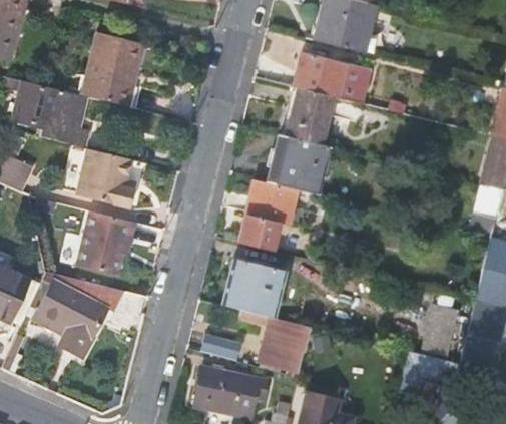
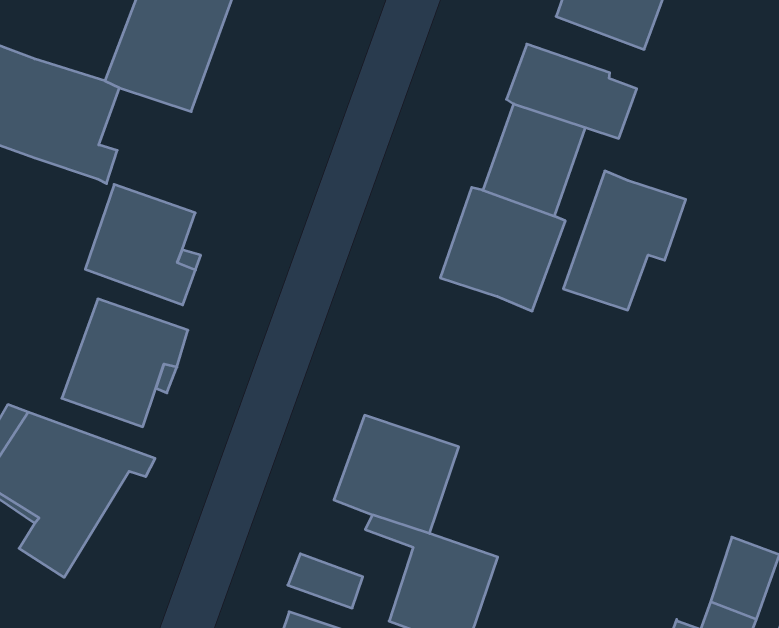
building: [237,177,298,250] -> [563,171,686,310]

